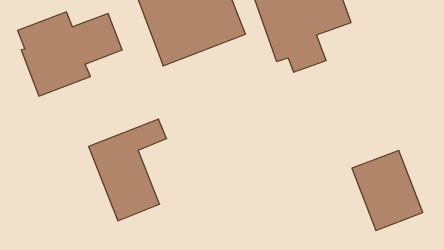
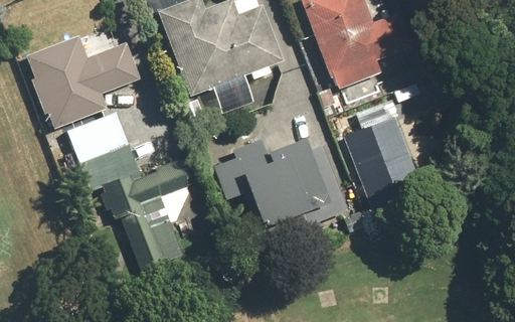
building: none -> [68,113,139,188]
building: none -> [214,138,334,246]
building: [352,151,423,230] -> [330,115,410,205]

